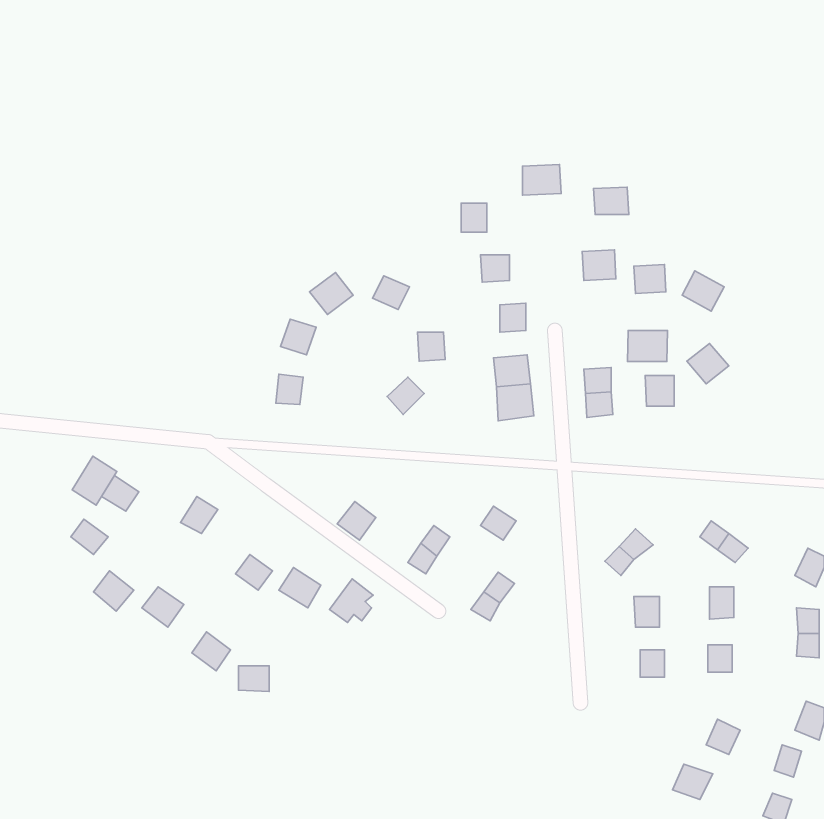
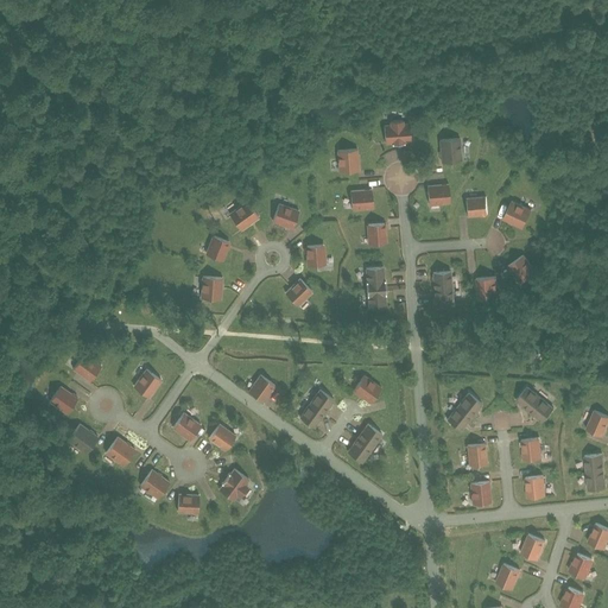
building: [628,331,667,362] -> none
building: [72,456,117,505] -> none
building: [330,579,373,622] -> [218,467,251,499]

